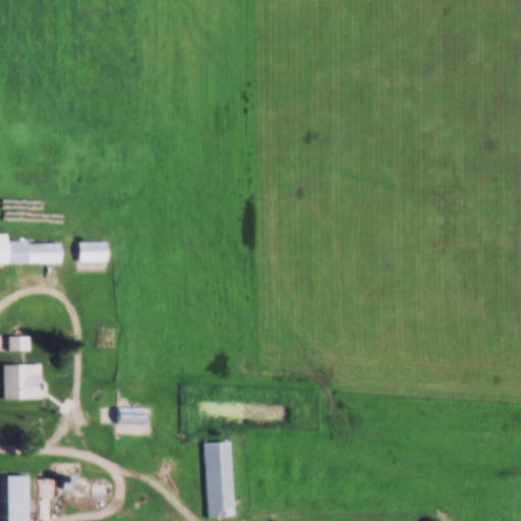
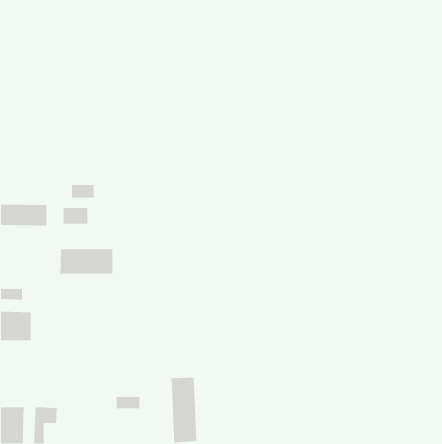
building: none -> [71,184,95,199]
building: none -> [59,248,113,274]
building: [115,408,143,423] -> [116,396,140,409]

